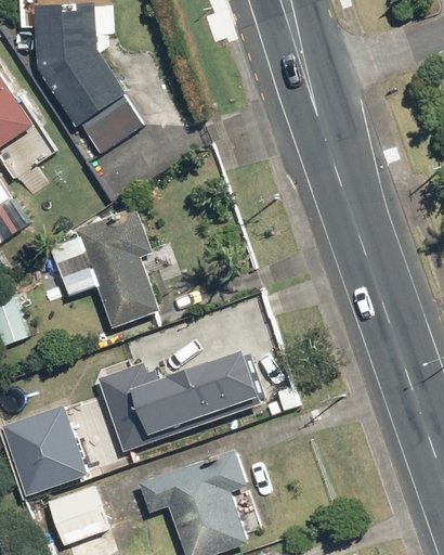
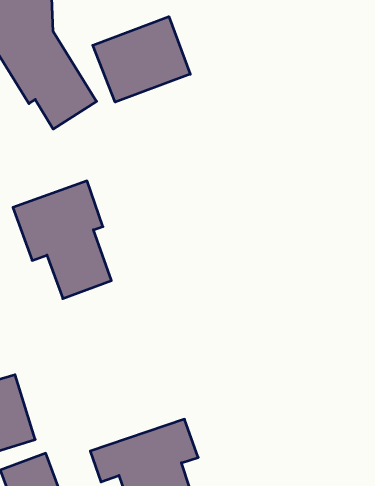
building: none -> [93,17,190,102]
building: [100,352,262,451] -> none

